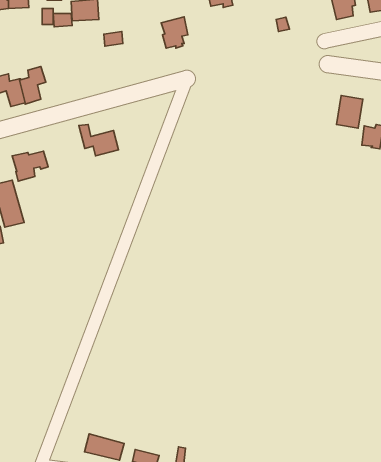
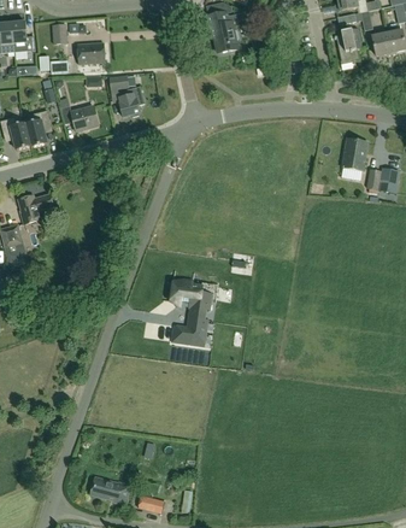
building: [161,17,188,48] -> [117,84,143,116]
building: [79,124,118,156] -> [58,99,98,130]
building: none -> [171,278,212,345]

